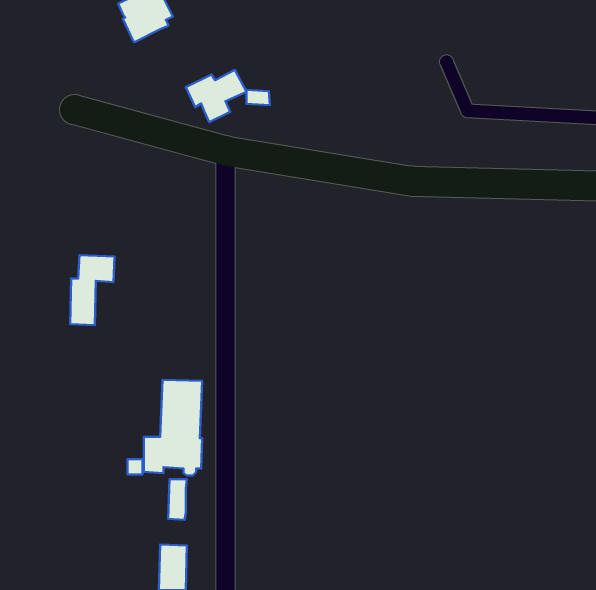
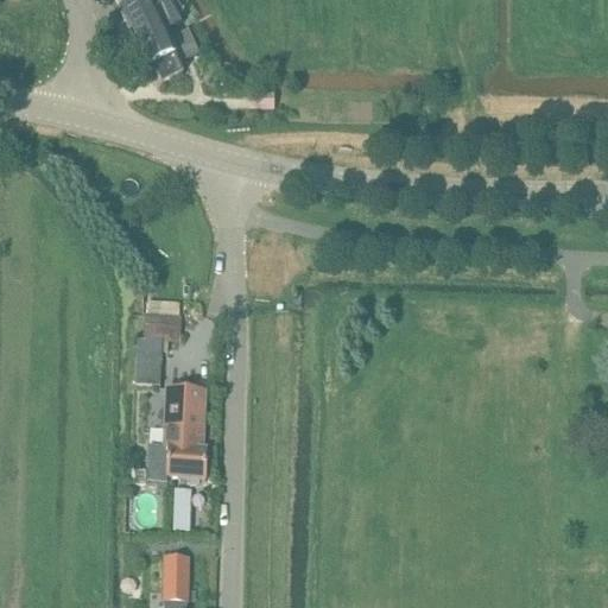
building: [186,70,247,122] -> [138,25,200,78]
building: [70,255,115,325] -> [137,311,182,382]

